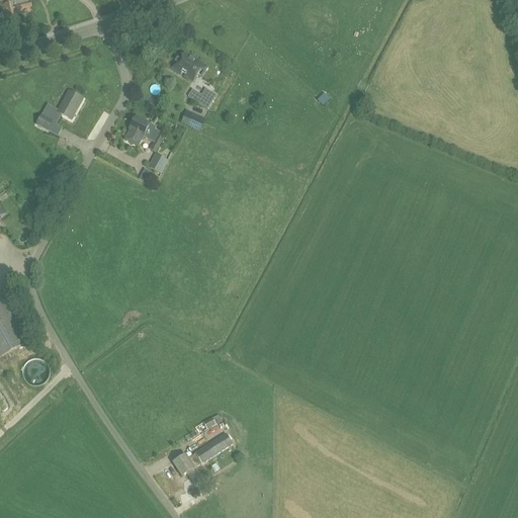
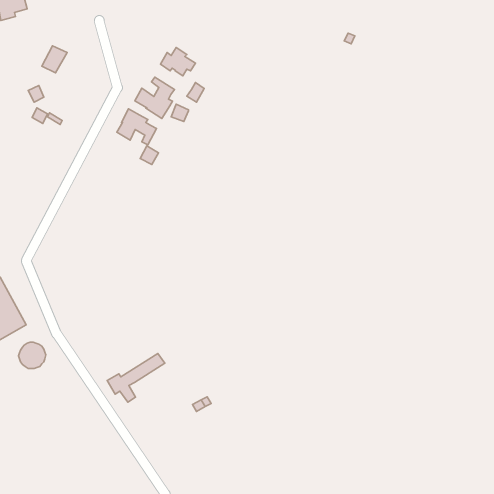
building: none -> [135,77,174,119]
building: [55,89,81,117] -> [42,46,67,73]
building: [171,432,231,483] -> [107,353,165,402]

